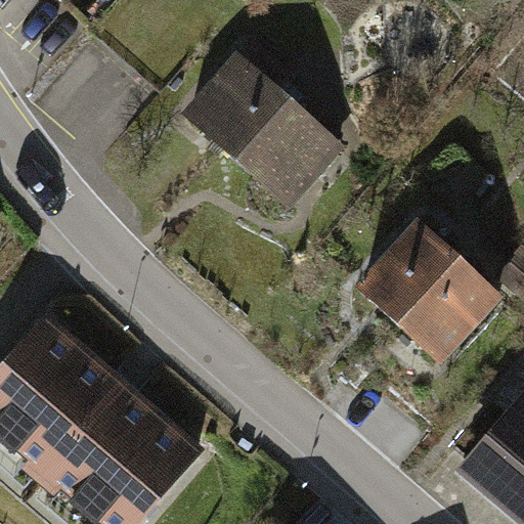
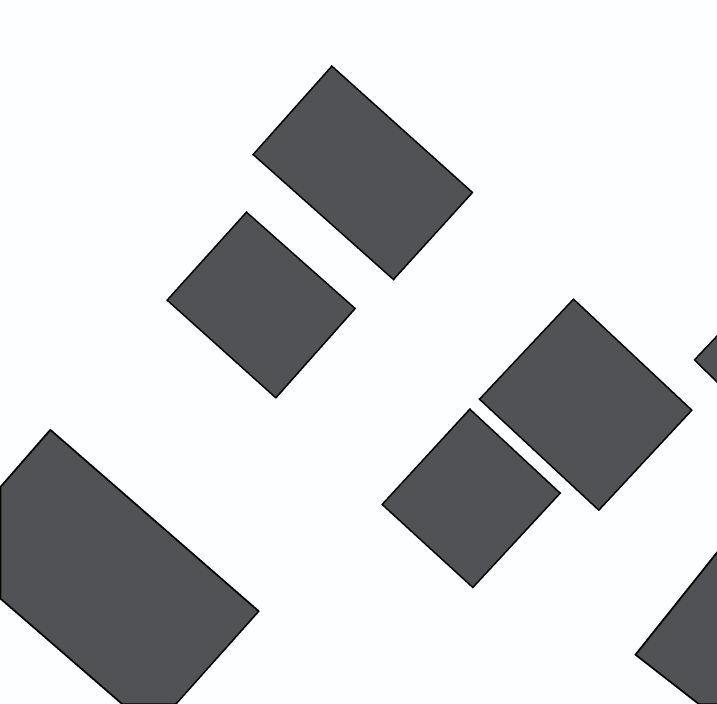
building: none -> [167,212,355,398]
building: none -> [382,409,560,587]

